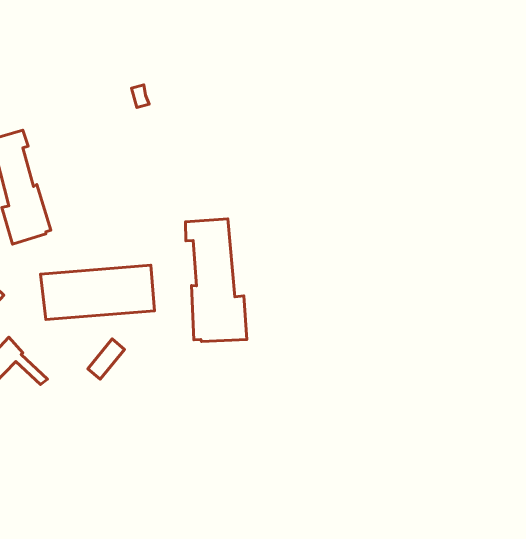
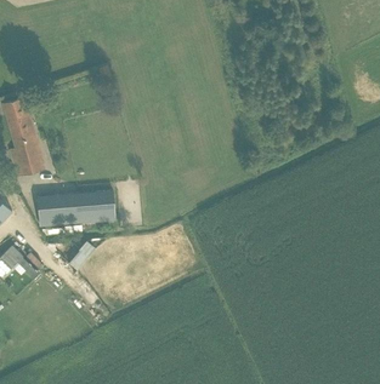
building: [186,219,247,341] -> none

